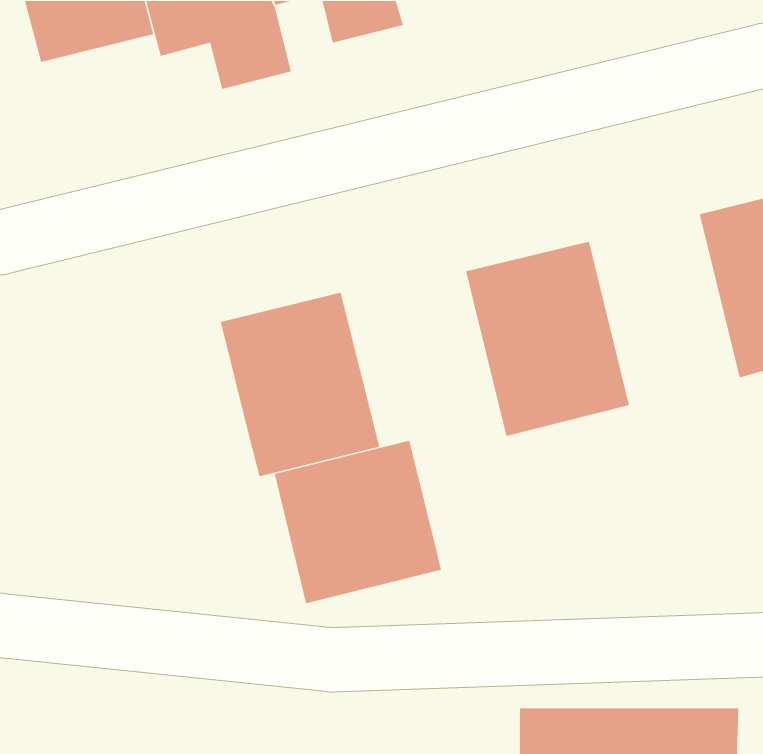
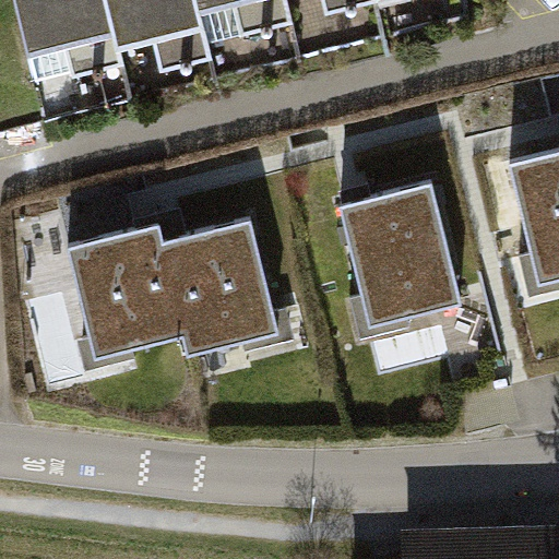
building: none -> [68,226,185,357]
building: [274,440,442,604] -> none

